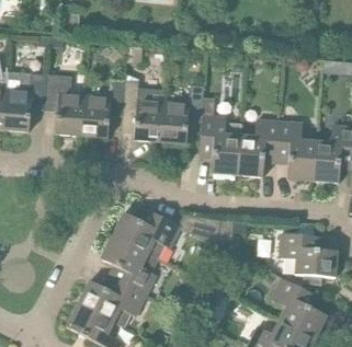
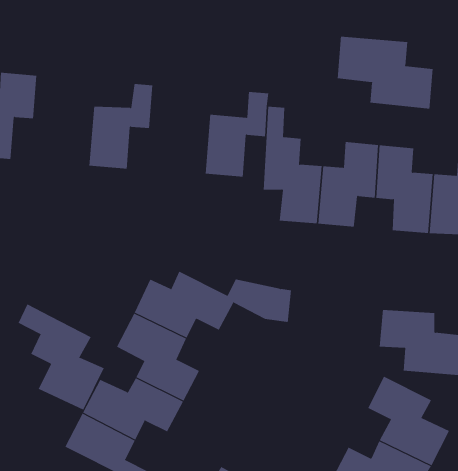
building: none -> [337,36,433,110]
building: [44,73,84,135] -> none
building: [123,80,163,140] -> none
building: none -> [18,303,104,411]

